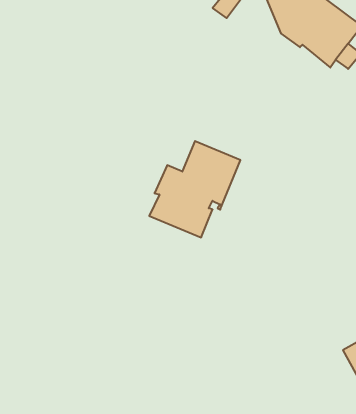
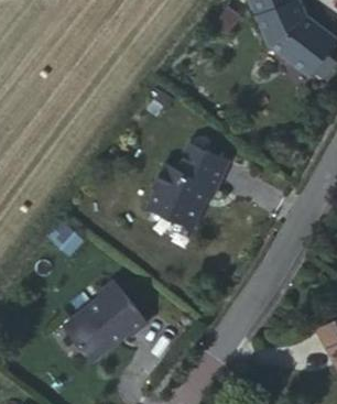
building: none -> [63,280,148,360]

